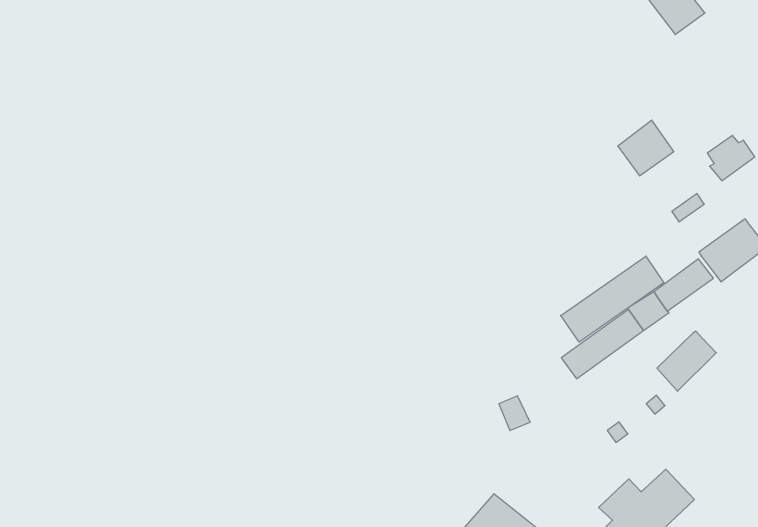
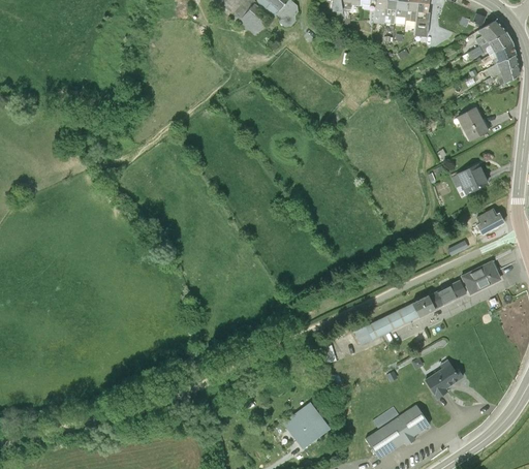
building: [618,120,674,176] -> [454,162,488,195]
building: [561,256,664,342] -> none
building: [657,331,716,391] -> [424,364,462,399]

